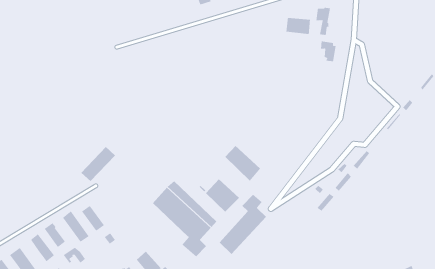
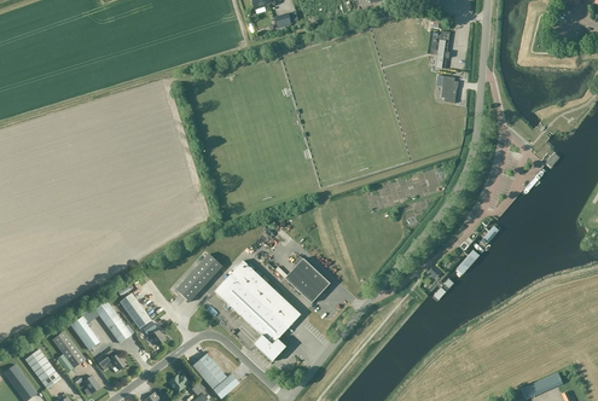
building: [286,17,310,35] -> none
building: [224,145,261,181] -> none
building: [80,146,116,182] -> [175,254,222,301]
building: [219,194,267,255] -> none

